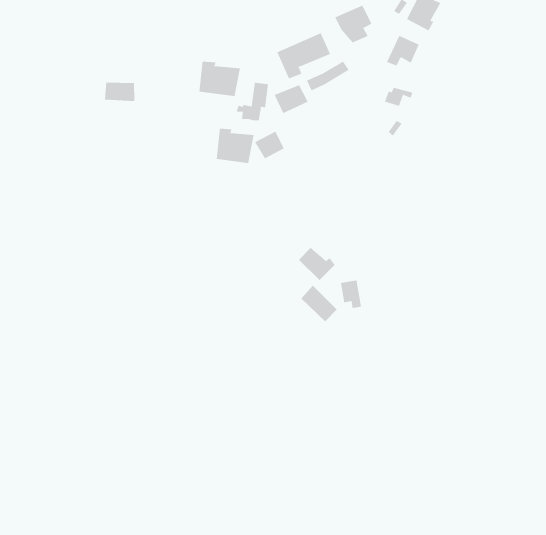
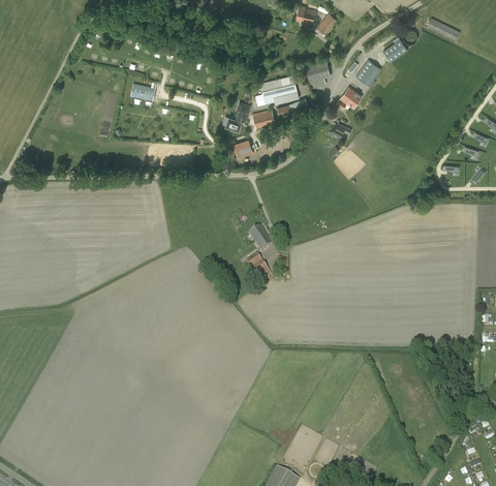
building: [199,61,241,97] -> none
building: [216,128,254,164] -> none

